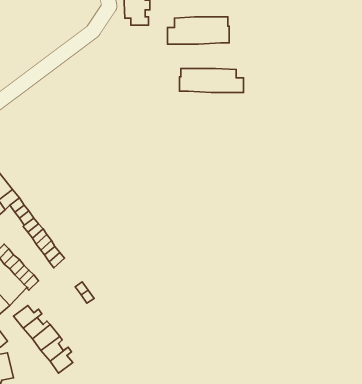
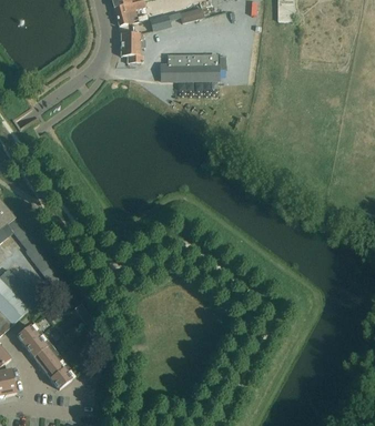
building: [180,68,243,92] -> none

